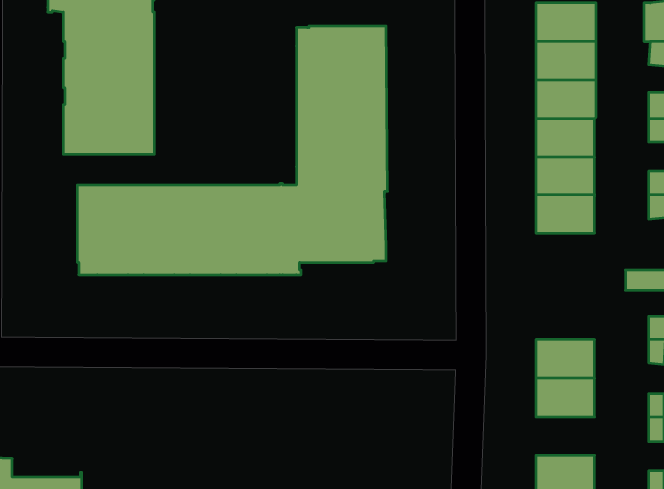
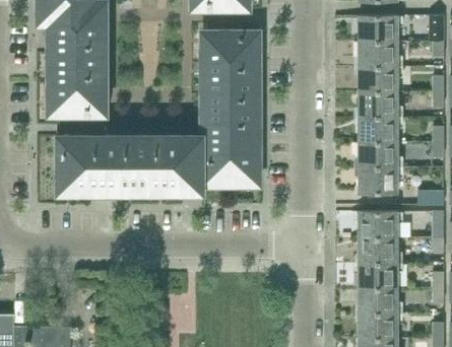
building: none -> [359,167,397,194]
building: none -> [359,212,397,237]
building: none -> [359,288,397,314]

